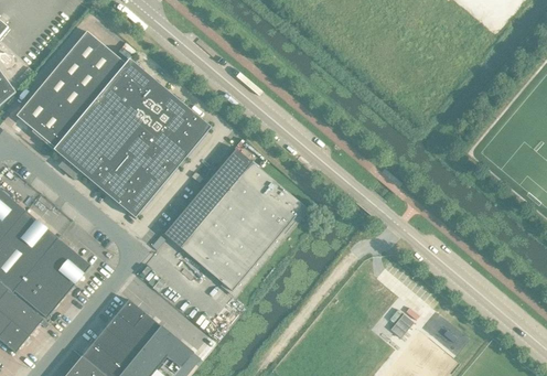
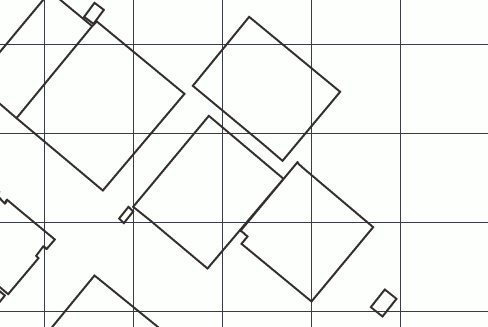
building: none -> [193,17,340,161]
building: none -> [241,162,373,301]

